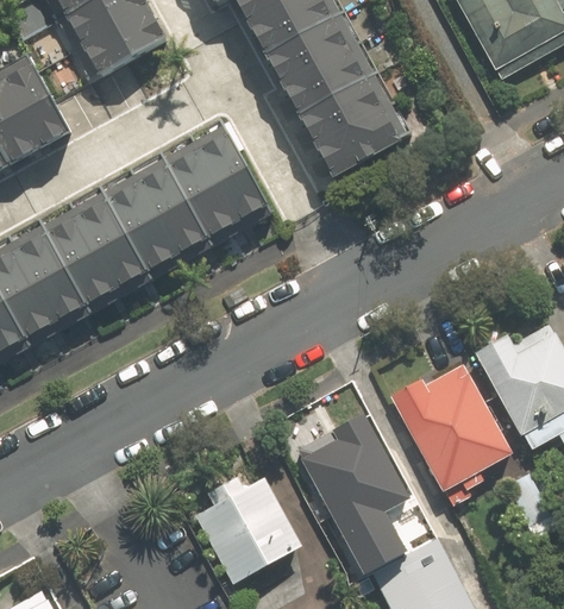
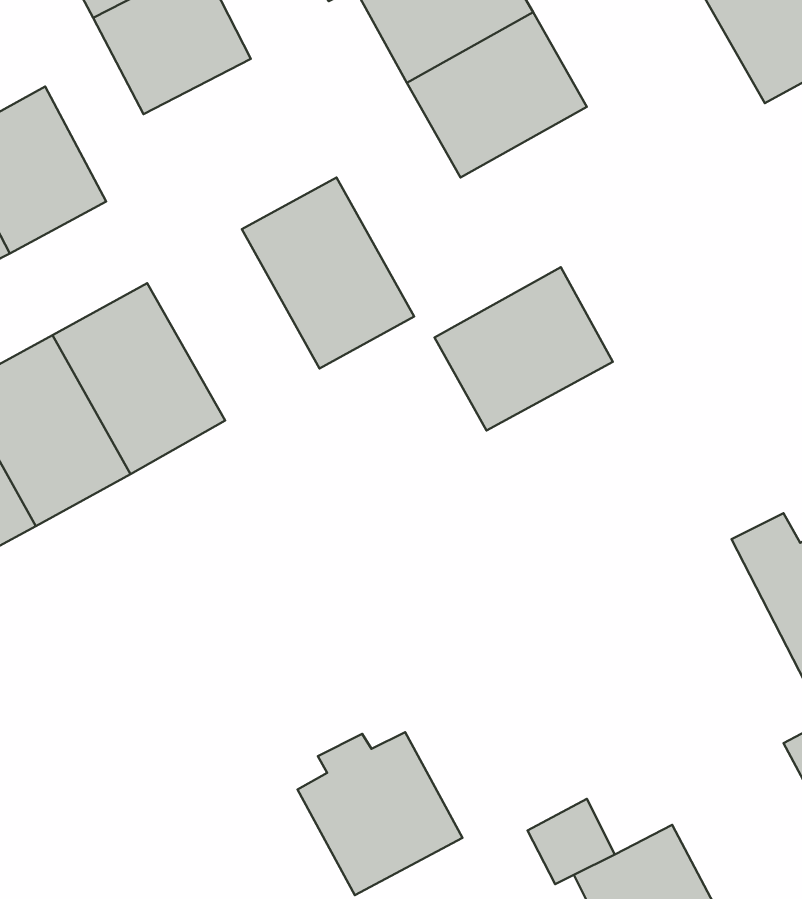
building: [300,75,414,180] -> [435,267,613,430]
building: [99,153,209,276] -> none
building: [390,371,513,490] -> none
building: [296,412,407,532] -> none

